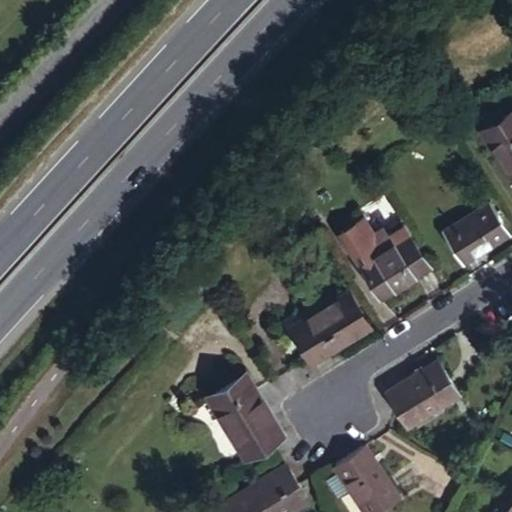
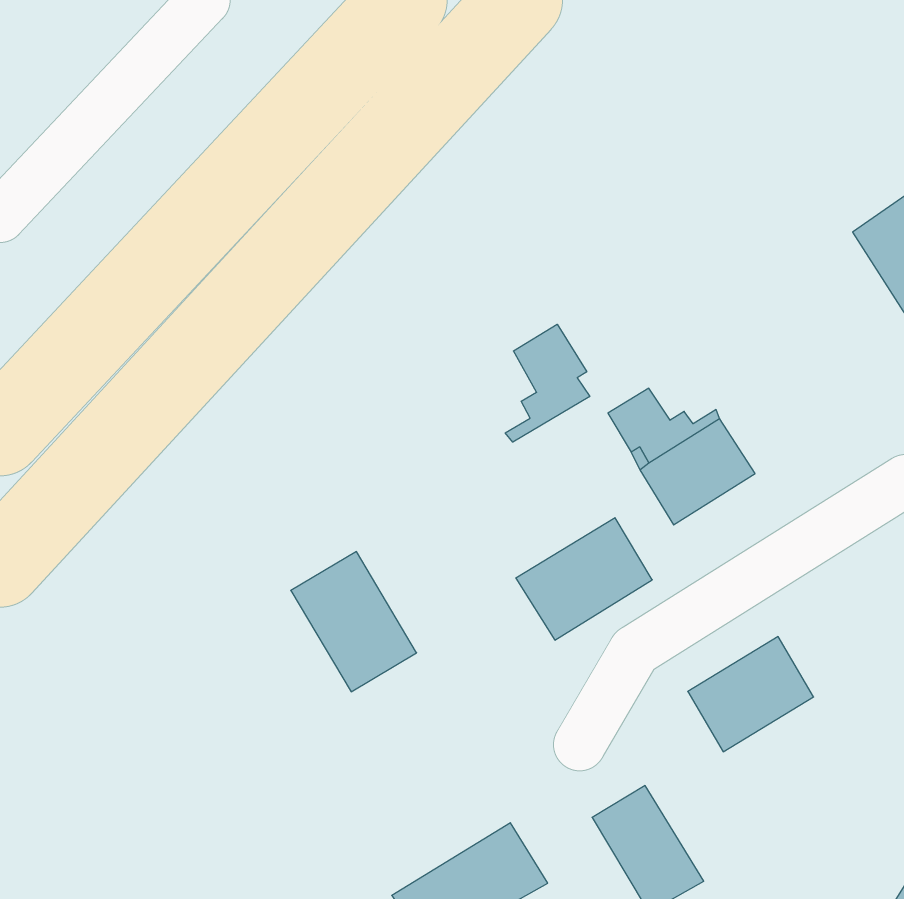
building: none -> [505,324,590,442]
building: [441,206,507,265] -> none
building: [209,380,280,459] -> [291,552,417,692]

